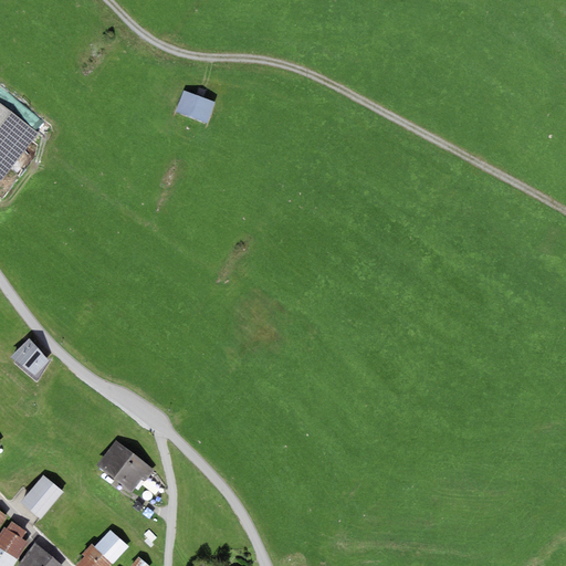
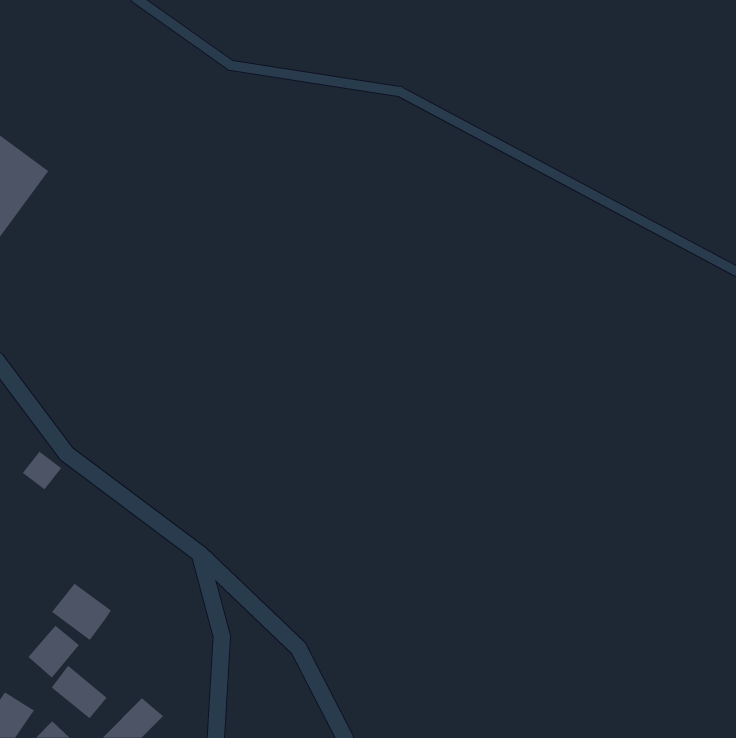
building: [177,94,213,123] -> none
building: [103,444,149,489] -> [51,583,112,641]
building: none -> [51,665,107,719]

